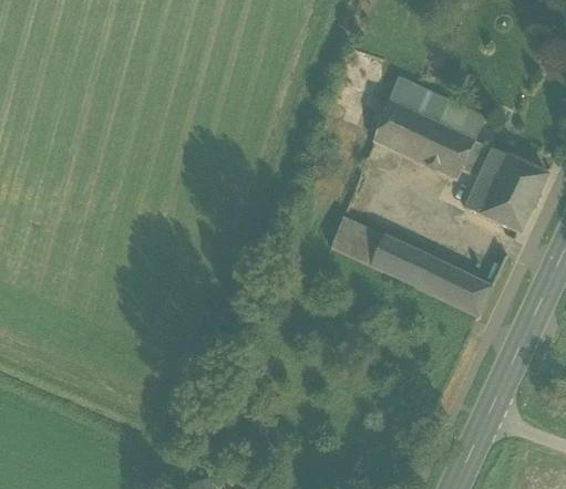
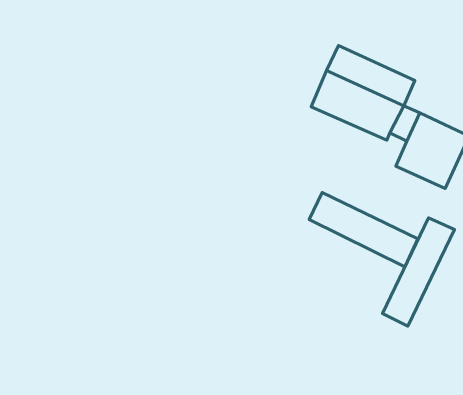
building: [331,215,384,264] -> none
building: none -> [383,218,454,326]

